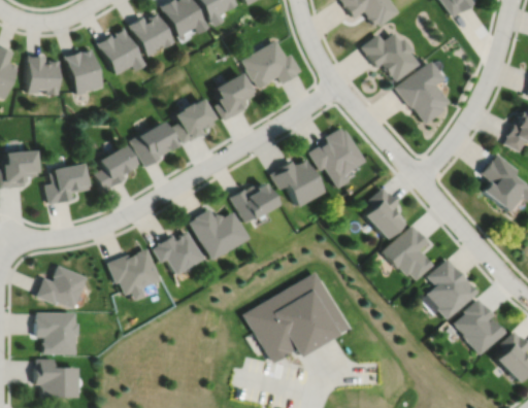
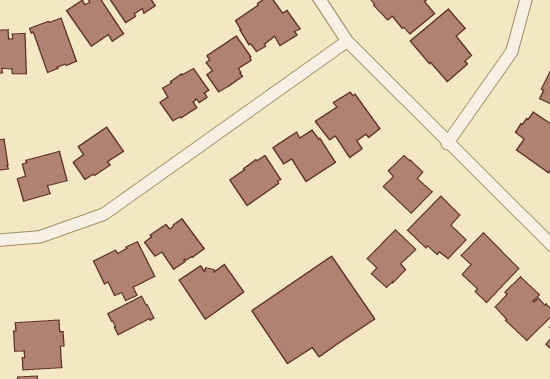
building: [132,123,179,168] -> none
building: [191,210,246,257] -> [179,264,244,319]
building: none -> [367,230,416,288]
building: [36,264,87,307] -> none
building: none -> [108,296,154,335]

